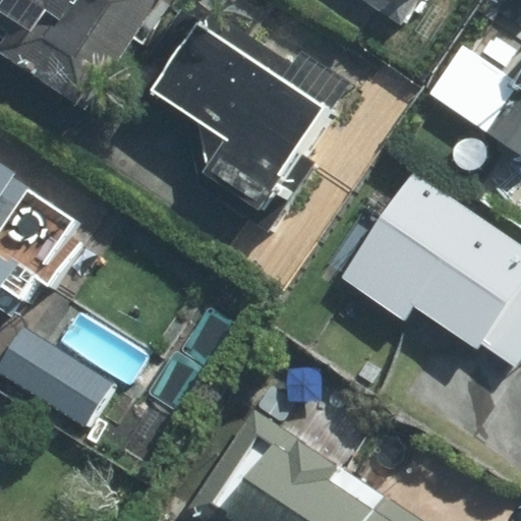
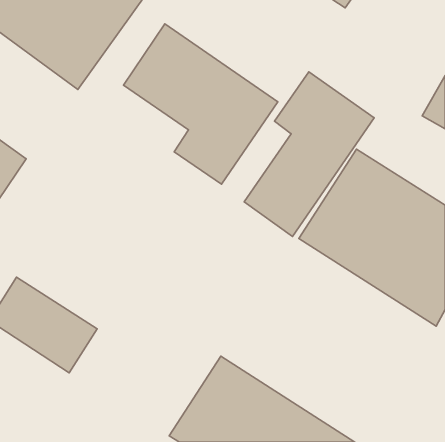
building: none -> [244,72,374,237]

